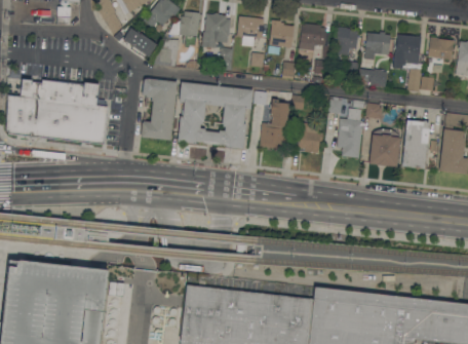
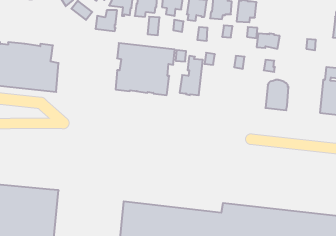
building: [364,31,391,60] -> none
building: [393,34,423,91] -> none
building: [428,36,454,60] -> none
building: [141,78,178,141] -> none
building: [298,118,323,153] -> none
building: [338,118,363,157] -> none
building: [402,120,429,168] -> none

